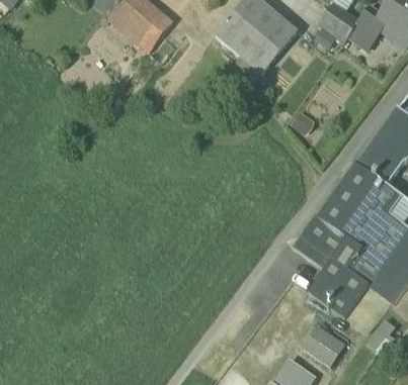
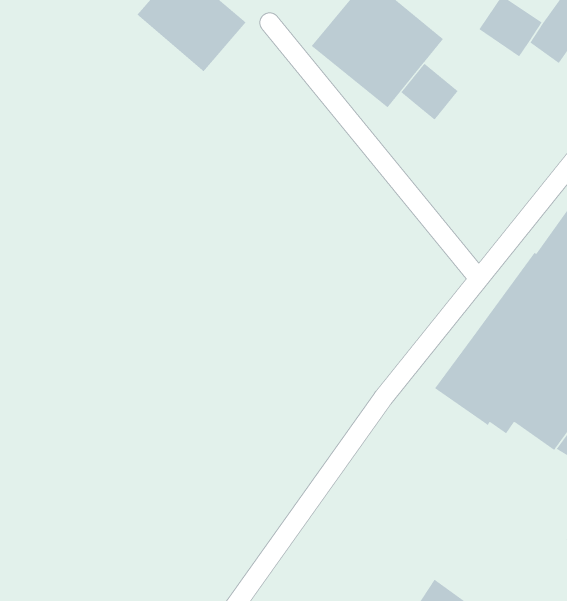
building: none -> [401,63,458,120]
building: [305,267,364,316] -> none
building: [306,327,345,364] -> none

